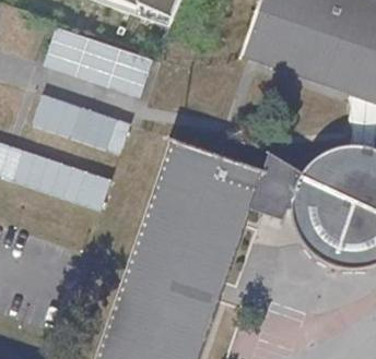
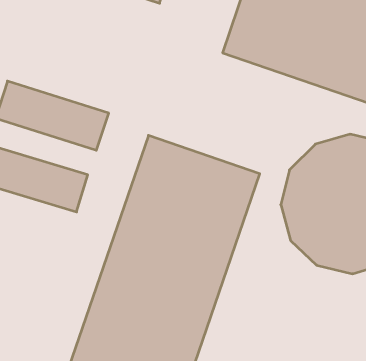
building: [47,27,156,94] -> none

